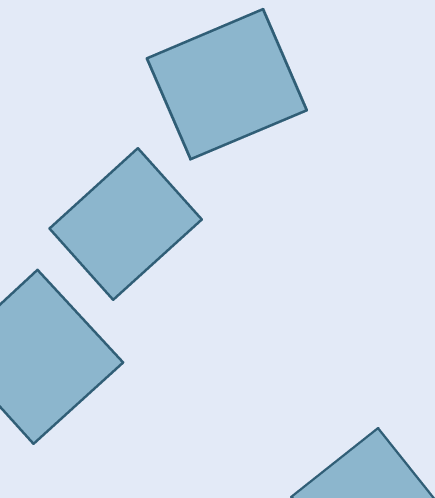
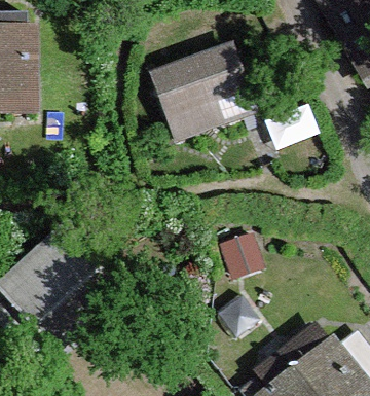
building: [50,148,202,300] -> none

